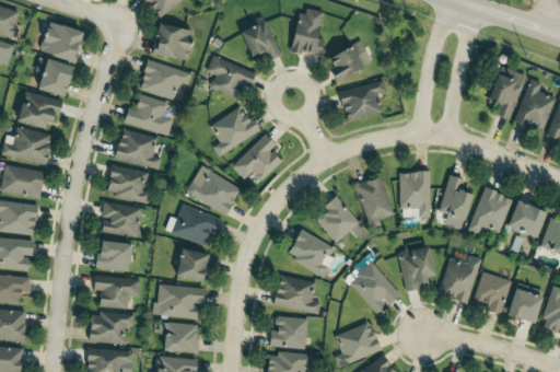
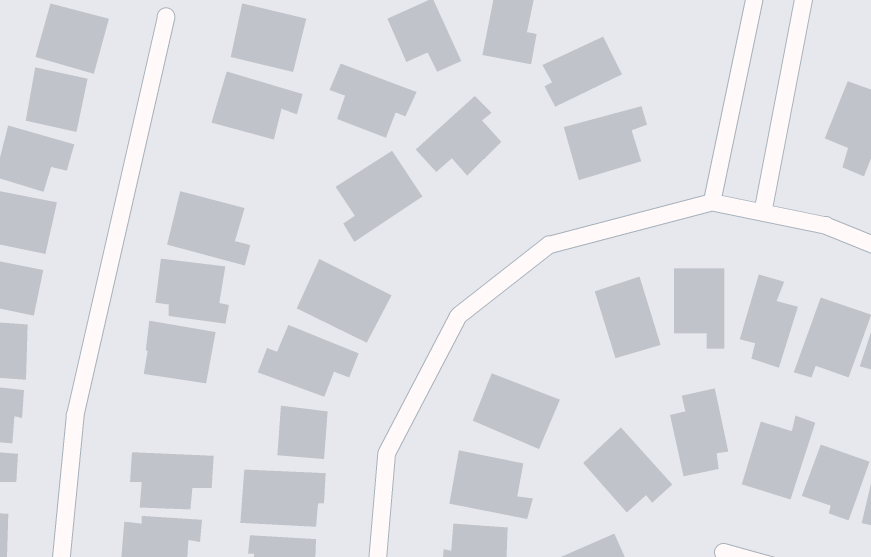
building: [124,94,174,136] -> none
building: [232,136,281,182] -> [415,95,502,177]
building: [315,196,365,244] -> none
building: [96,241,130,270] -> none

